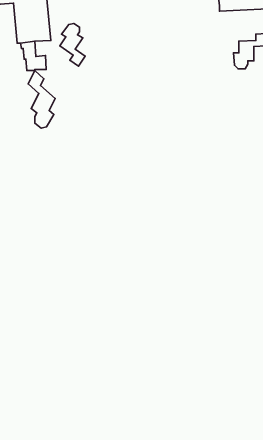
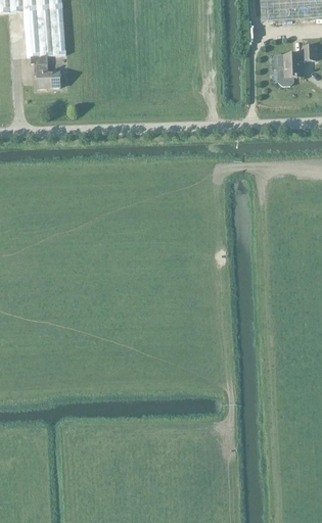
building: [60,24,85,66] -> none
building: [28,71,55,128] -> none

